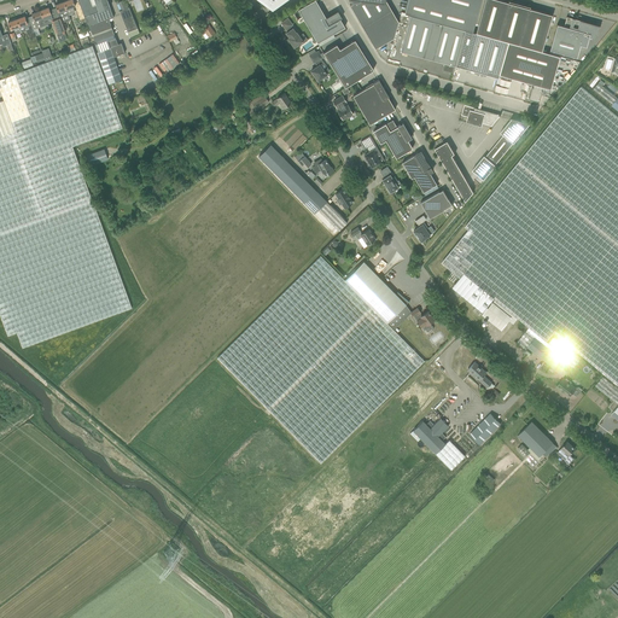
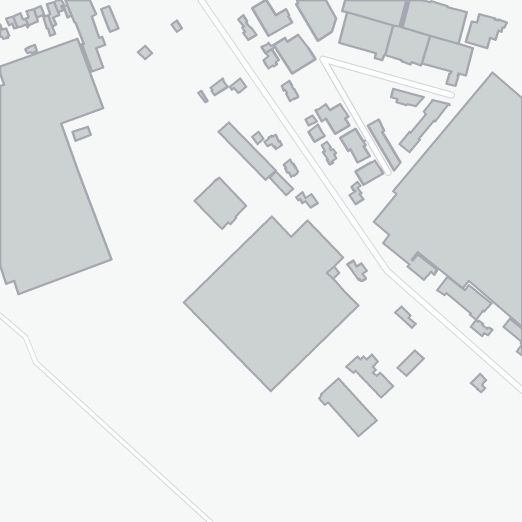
building: [352,80,395,124] -> none
building: none -> [195,178,246,229]
building: [517,421,553,466] -> none
building: none -> [319,379,377,436]

